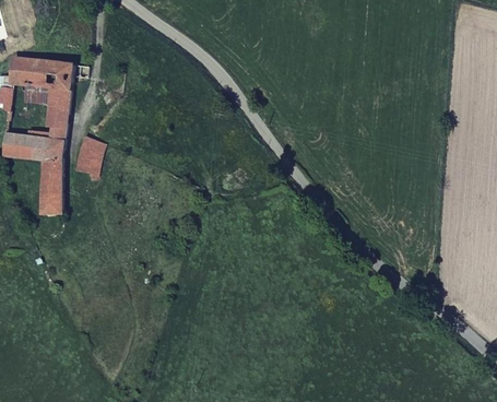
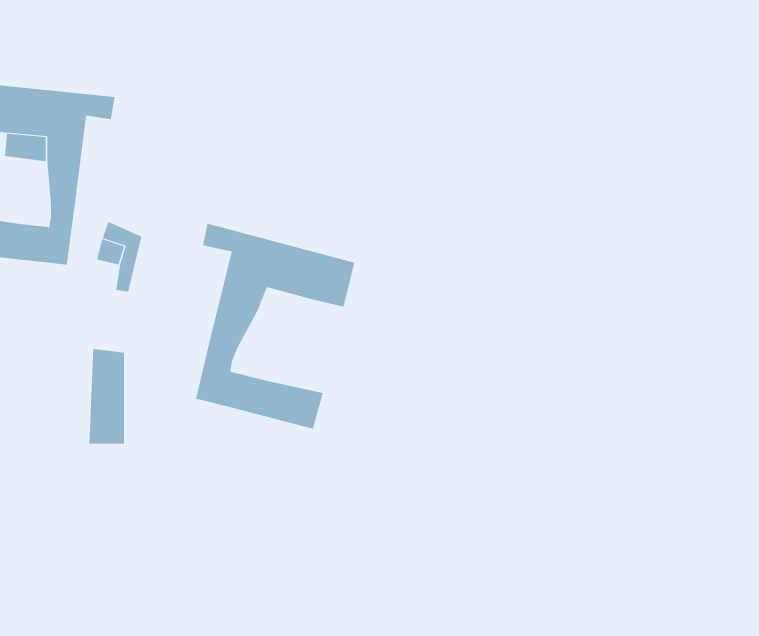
building: none -> [195,223,355,430]
building: [39,158,60,213] -> [89,349,125,444]

